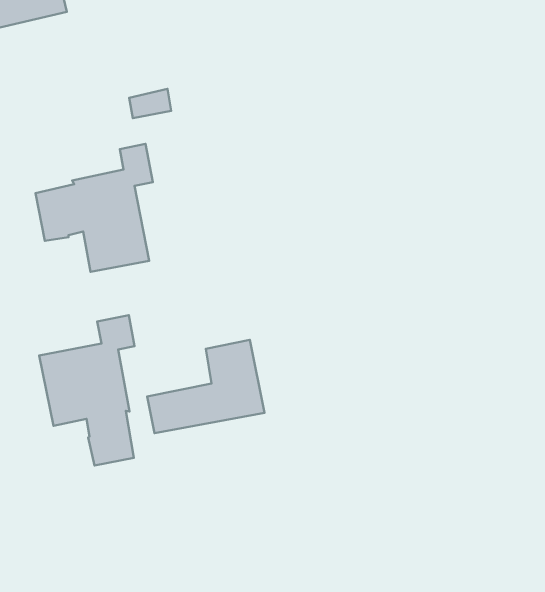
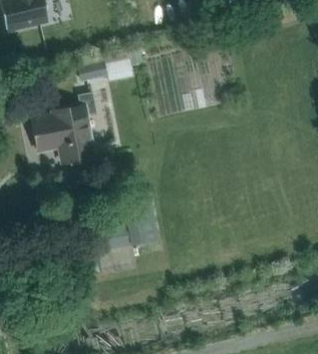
building: [39,315,135,466] -> none

